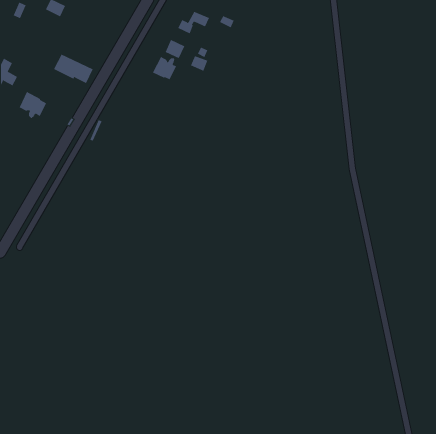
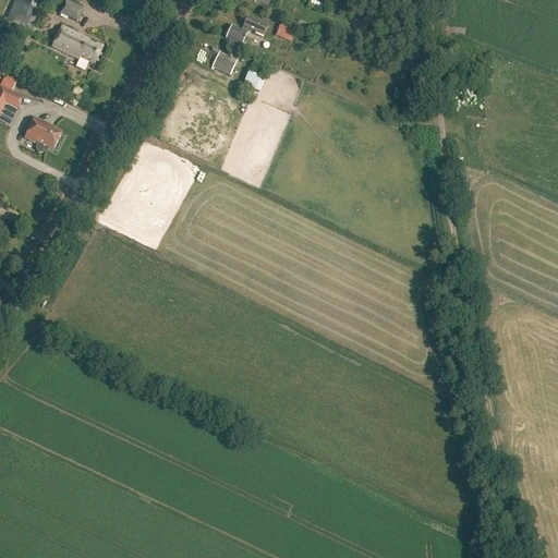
building: [53,54,93,84] -> [50,25,101,63]
building: [152,56,177,80] -> none

